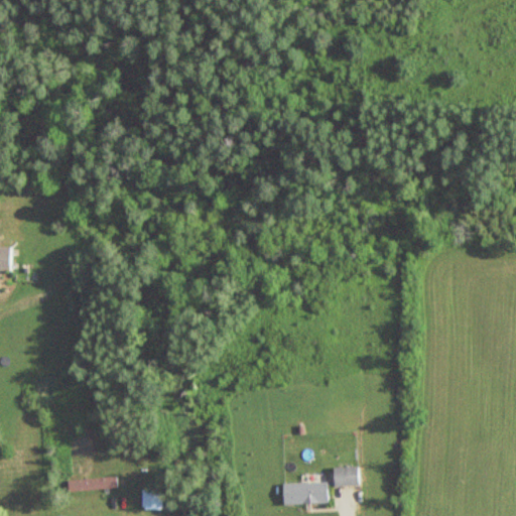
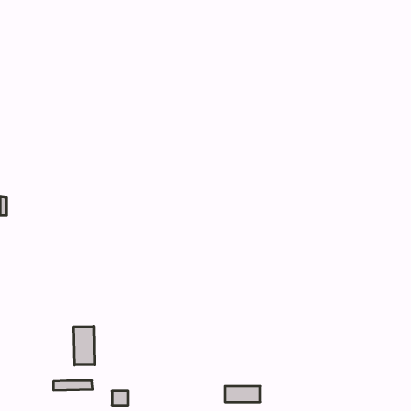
building: none -> [74,326,95,365]
building: [333,468,358,486] -> none

